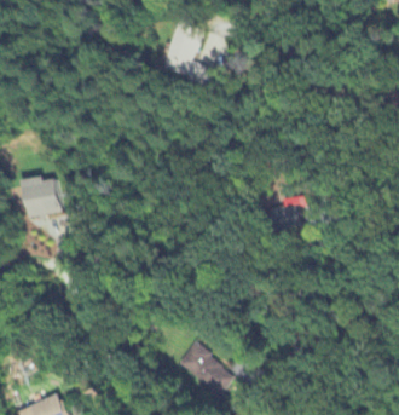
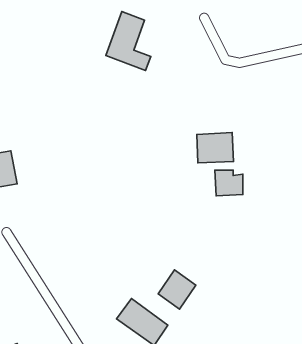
building: none -> [197,132,234,163]
building: none -> [158,270,196,309]

